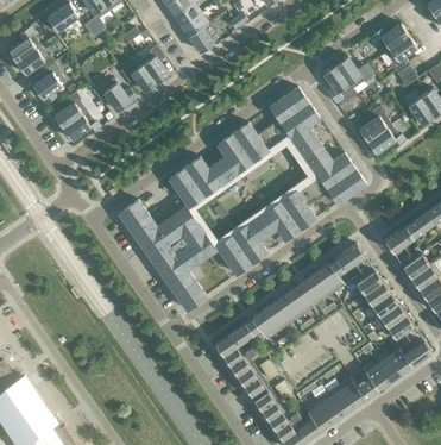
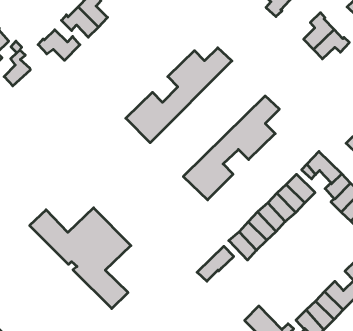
building: [270,87,365,203] -> none
building: [62,111,100,139] -> none
building: [119,200,216,309] -> [30,208,131,309]
building: [222,344,267,395] -> none

